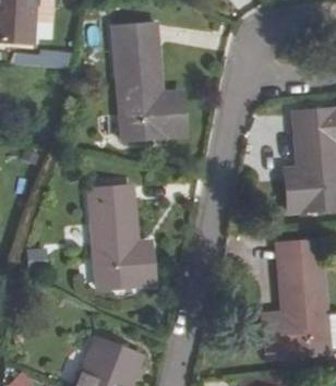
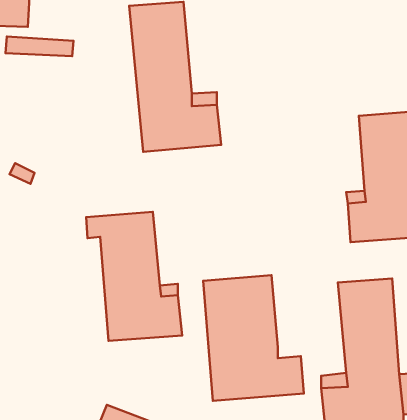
building: none -> [203,275,304,401]

